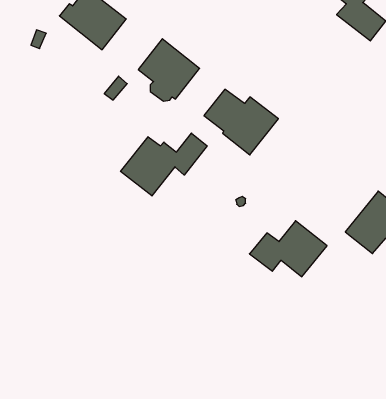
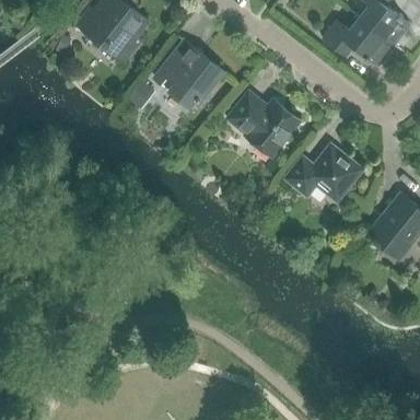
building: none -> [324,19,394,66]
building: [121,133,207,196] -> none
building: [249,221,327,277] -> [285,147,363,202]

